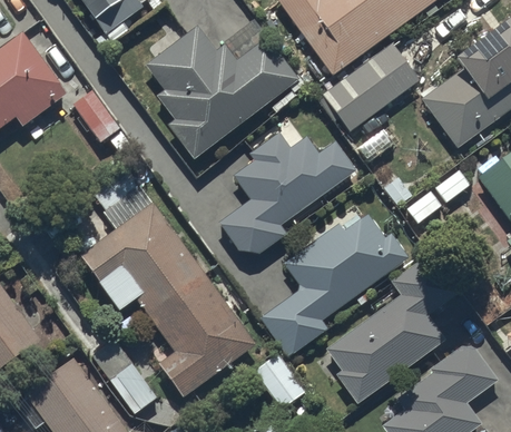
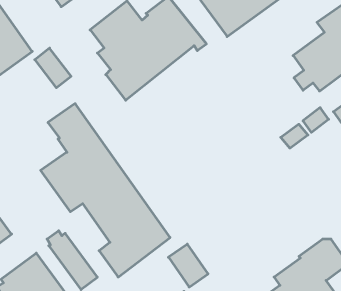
building: [321,45,417,131] -> none
building: [217,119,355,255] -> none
building: [259,214,407,359] -> none
building: [325,256,454,404] -> none

